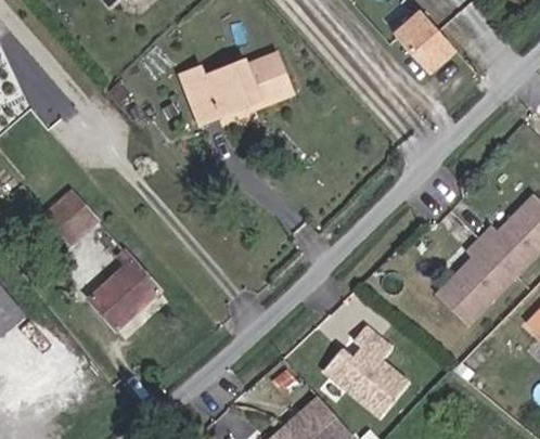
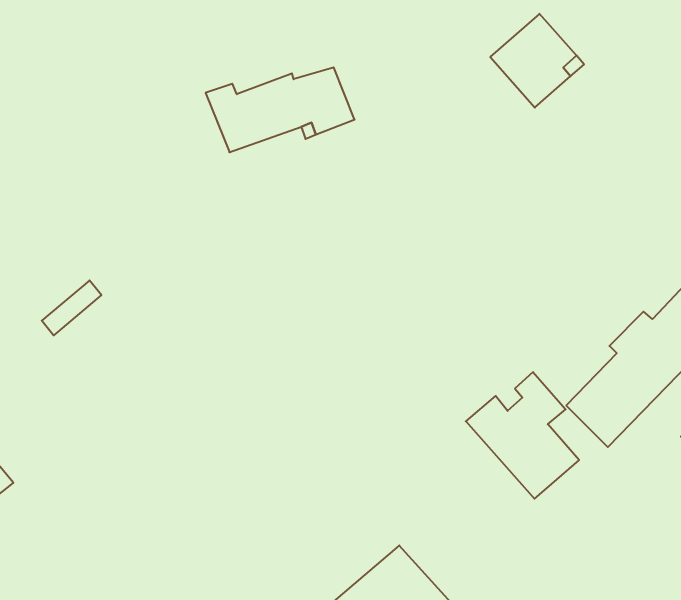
building: [40,186,91,234] -> none
building: [87,245,160,328] -> none
building: [326,337,409,429] -> [466,372,579,499]

